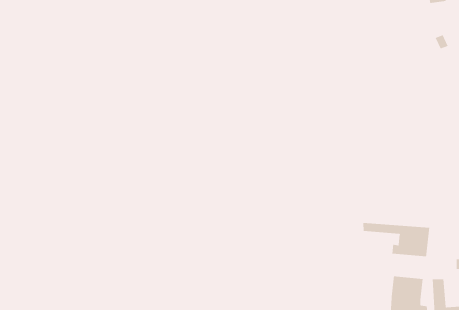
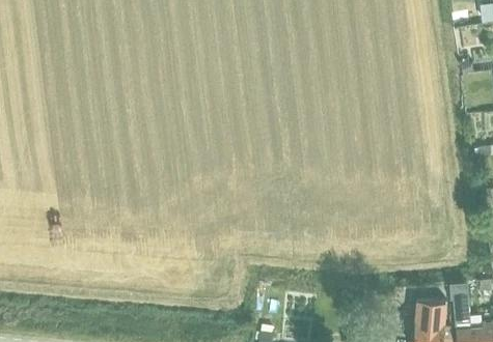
building: [363,222,430,257] -> none

